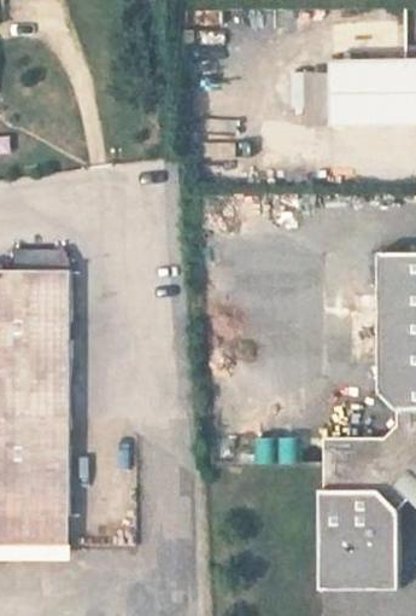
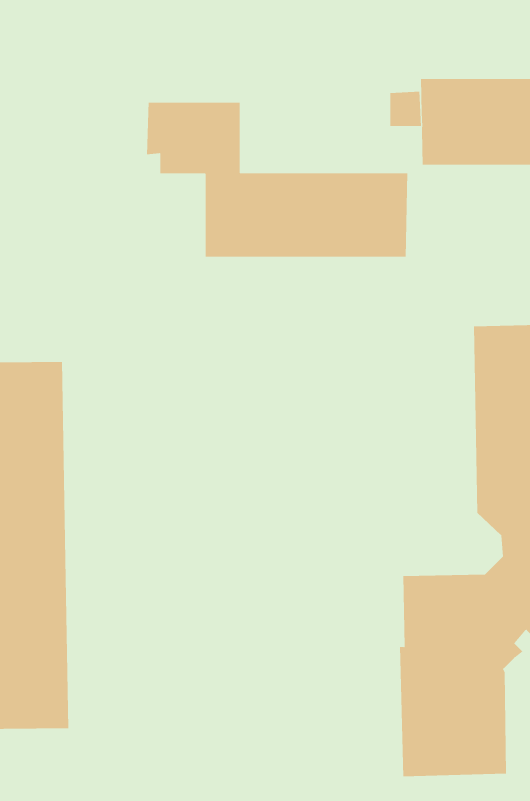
building: none -> [146,102,408,258]

